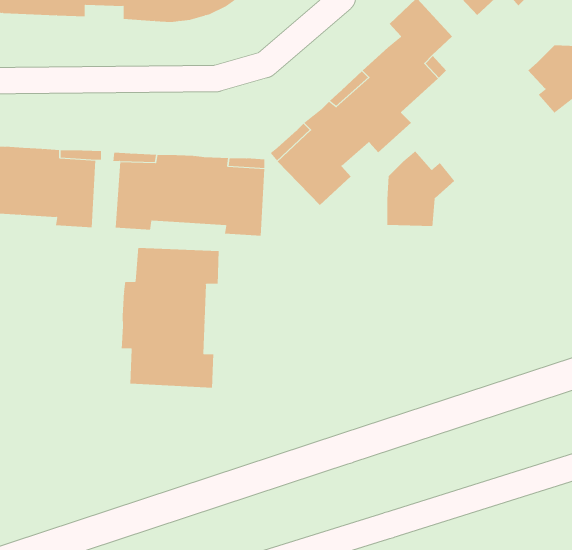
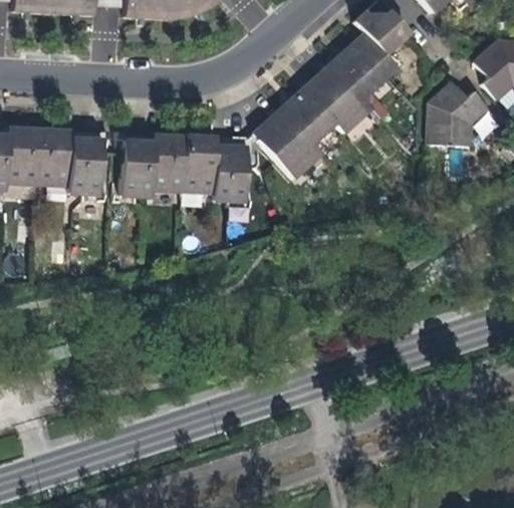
building: [387,151,455,226] -> [429,80,488,146]
building: [121,247,219,389] -> none

